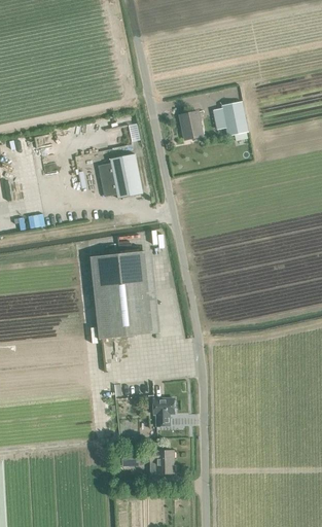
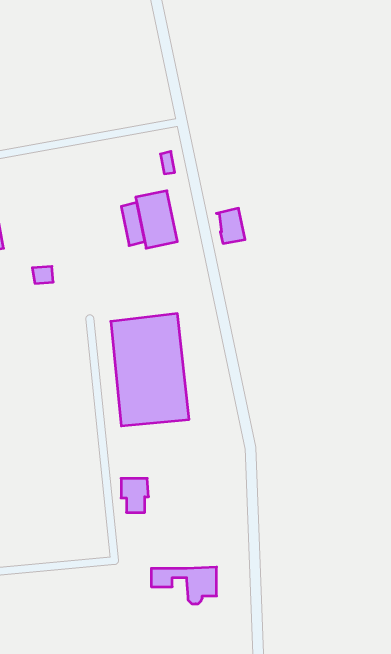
building: [213,101,248,140] -> none
building: [180,111,203,139] -> [216,208,245,243]
building: [153,398,175,425] -> [121,478,149,512]

